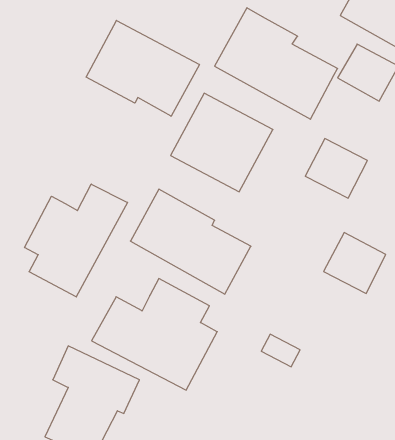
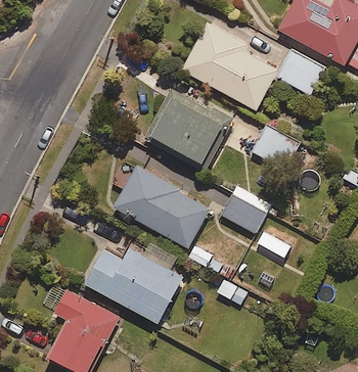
building: [86,20,199,116] -> none
building: [25,184,128,297] -> none
building: [324,233,386,293] -> [221,187,270,235]

